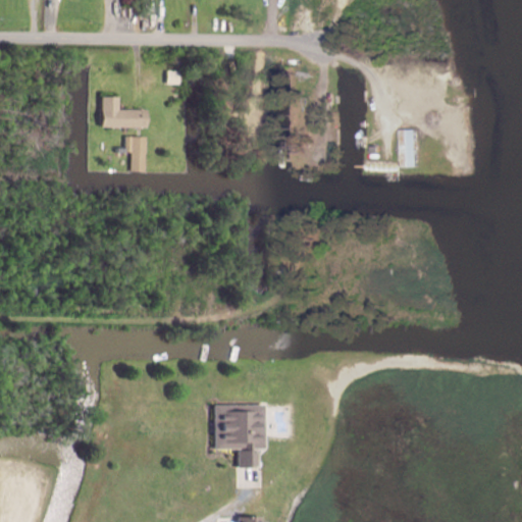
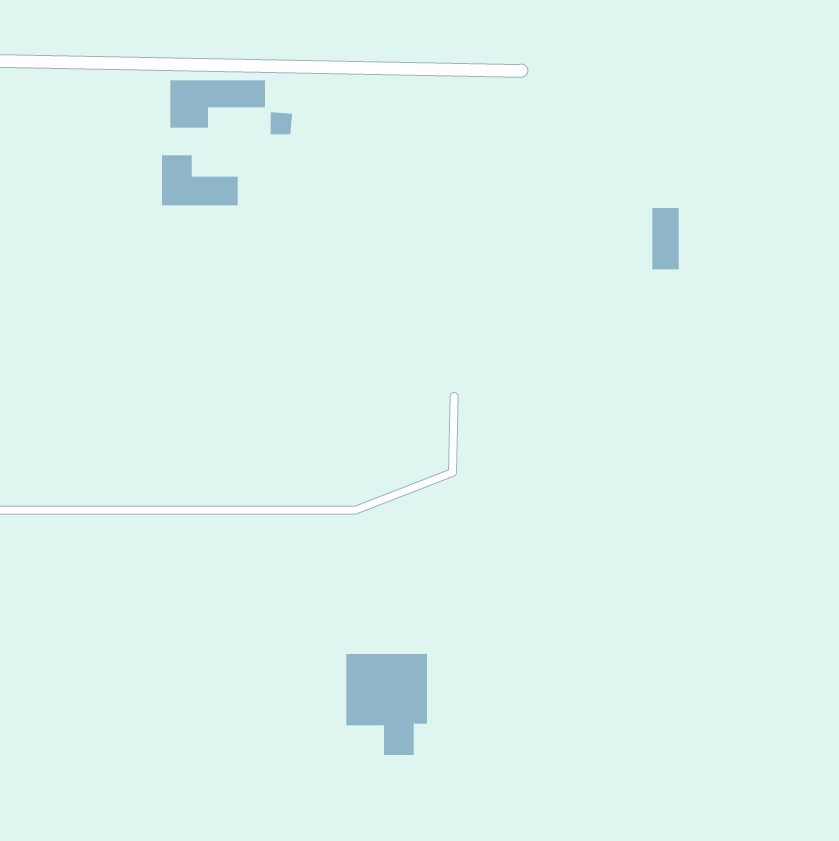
building: none -> [170,80,265,129]
building: [124,136,147,171] -> none

